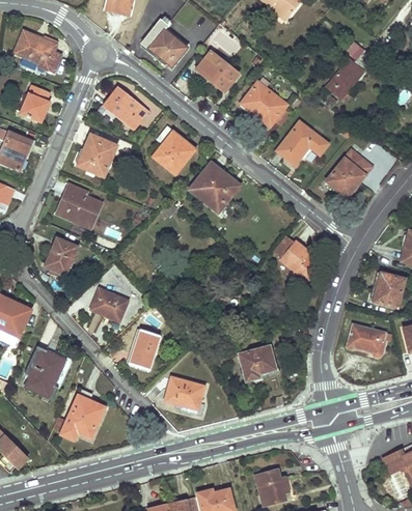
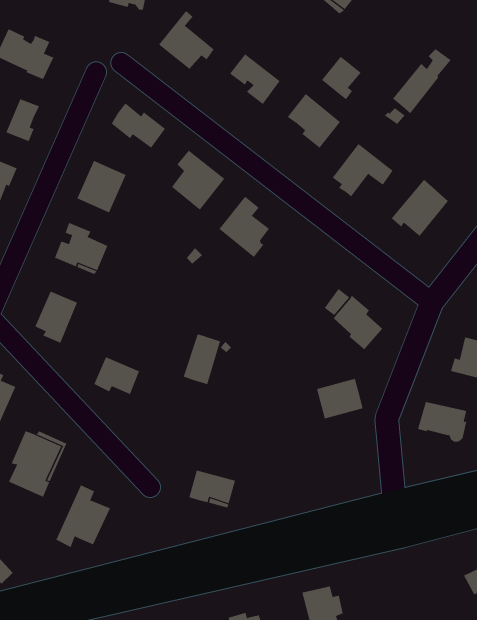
building: none -> [321,56,361,100]
building: [130,331,160,371] -> [183,333,221,385]
building: [240,345,277,377] -> [316,378,363,419]

